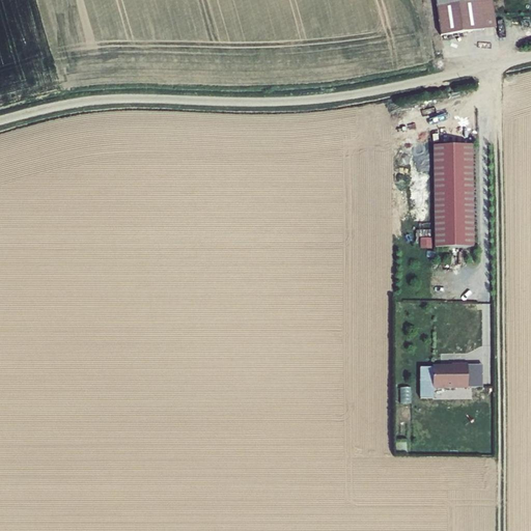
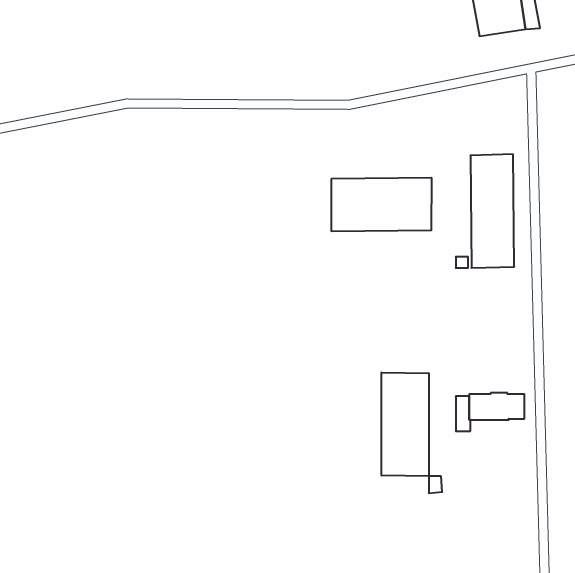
building: none -> [331,178,431,231]
building: none -> [382,372,429,476]

